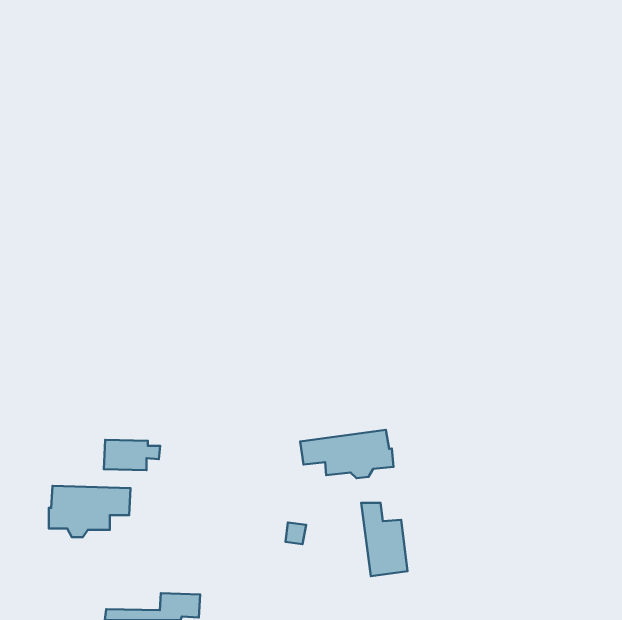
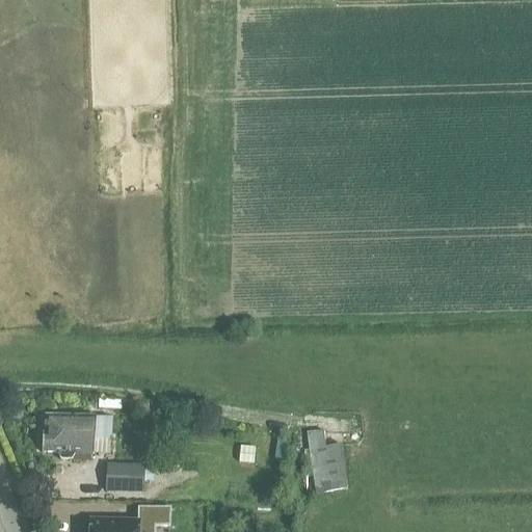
building: [300,430,393,478] -> none
building: [104,440,160,470] -> [106,463,154,489]

